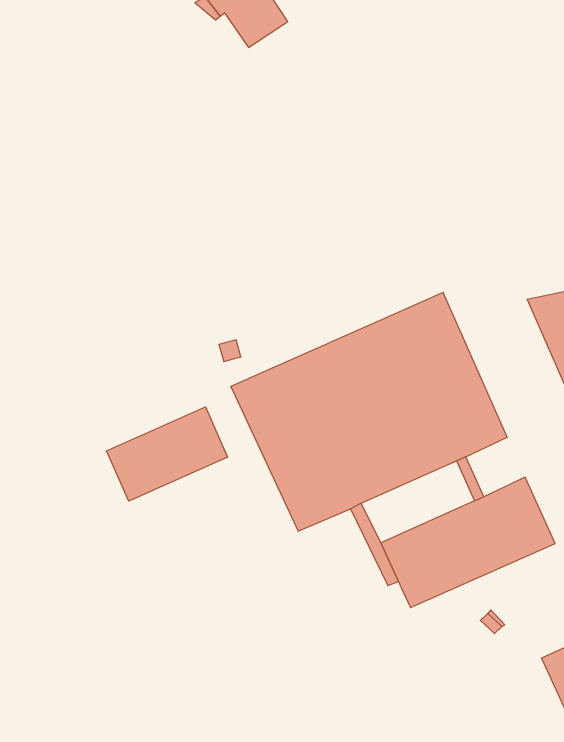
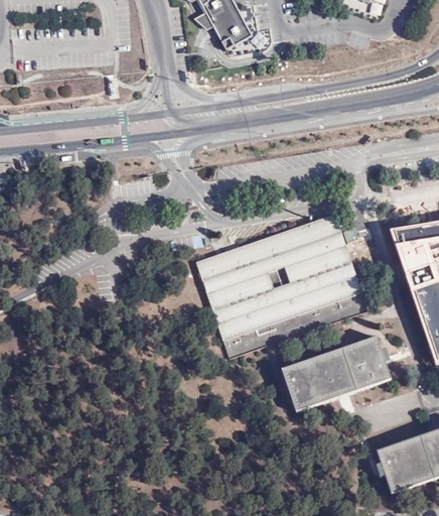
building: [107,407,228,501] -> none

